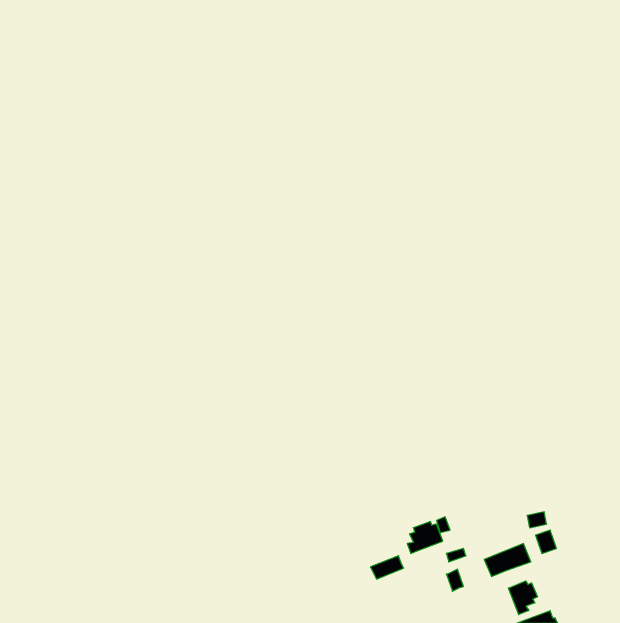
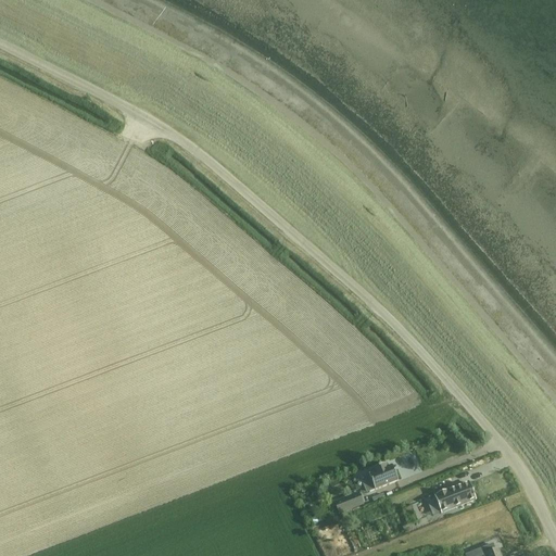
building: [508,581,537,615] -> none

